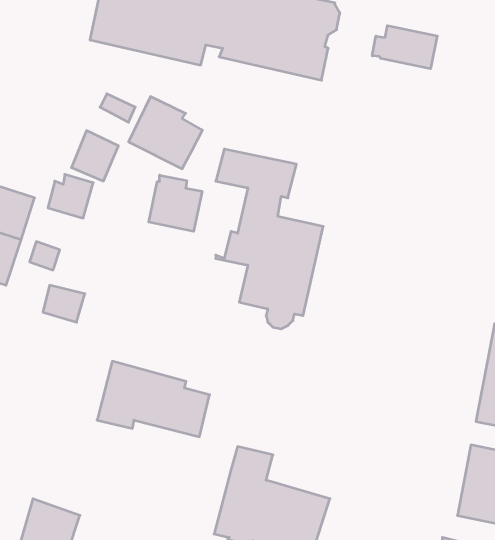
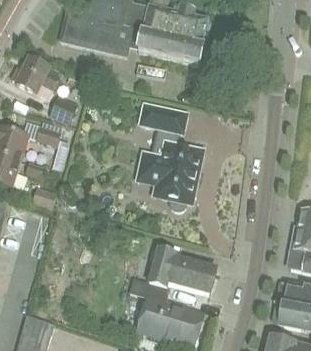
building: [372,26,437,69] -> none
building: [129,97,202,169] -> [15,55,59,98]
building: [149,175,202,231] -> none
building: [97,361,210,437] -> [148,246,215,291]

